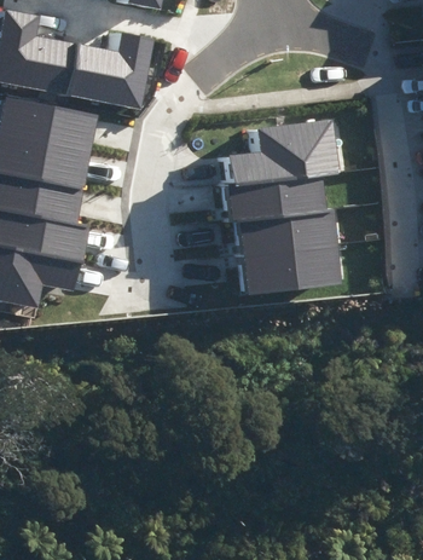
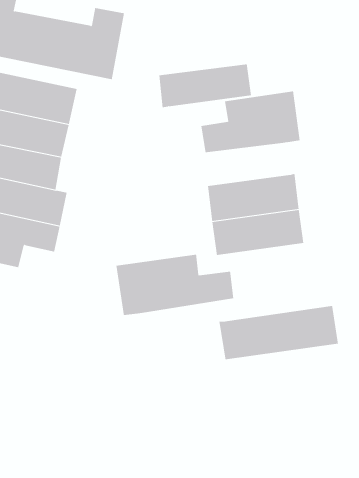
building: [226,174,326,221] -> [158,64,252,108]
building: none -> [116,254,234,316]
building: none -> [219,305,339,360]

